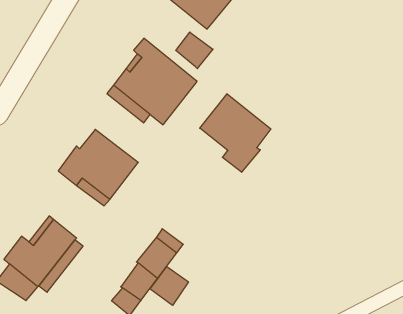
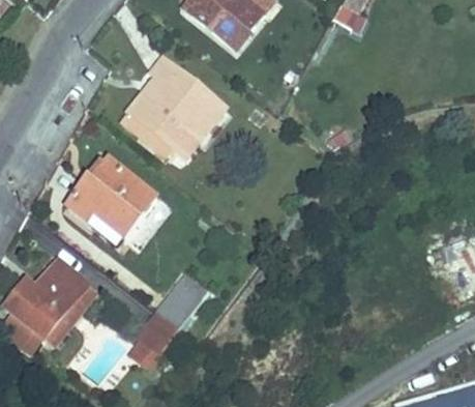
building: [176,32,213,69] -> none
building: [200,94,271,172] -> none
building: [150,267,188,305] -> none

